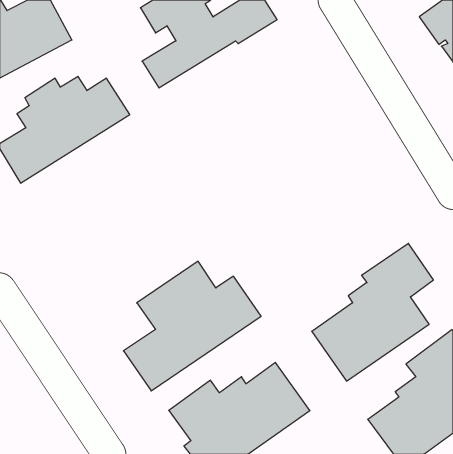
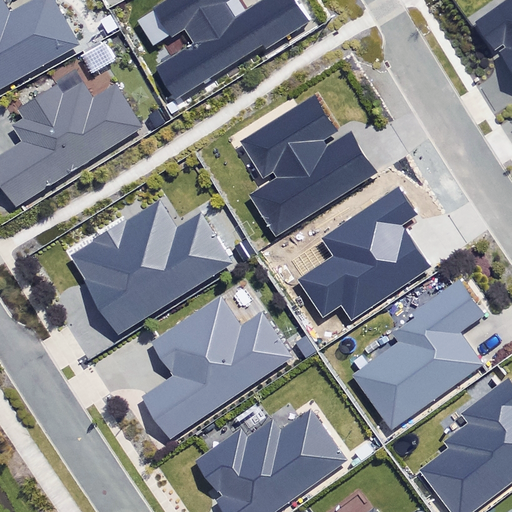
building: none -> [240,93,376,236]
building: none -> [296,185,430,318]
building: none -> [70,199,231,332]

